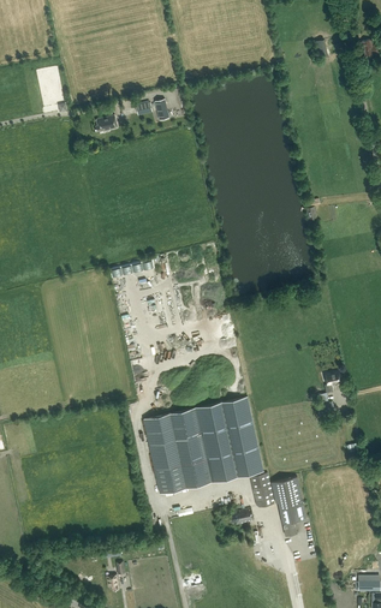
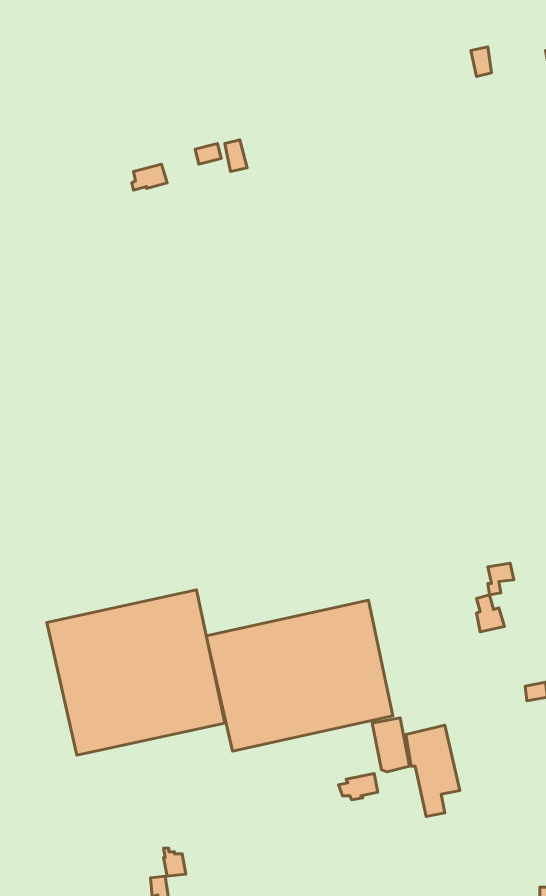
building: none -> [47,590,225,755]

